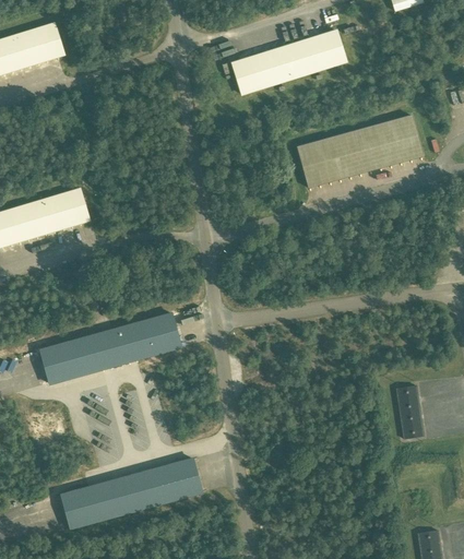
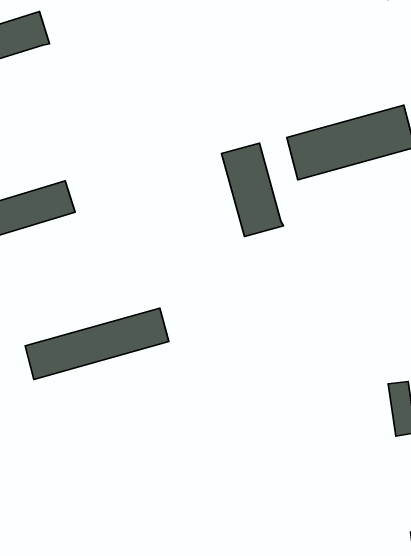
building: [233,31,346,94] -> none
building: none -> [222,143,283,237]
building: [61,459,202,528] -> none

